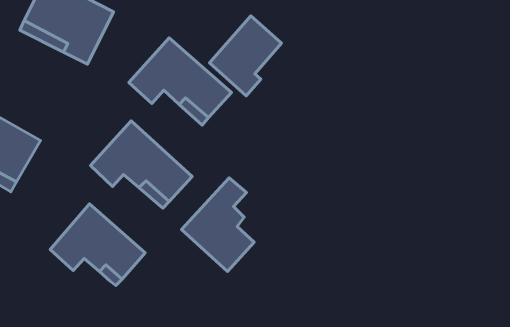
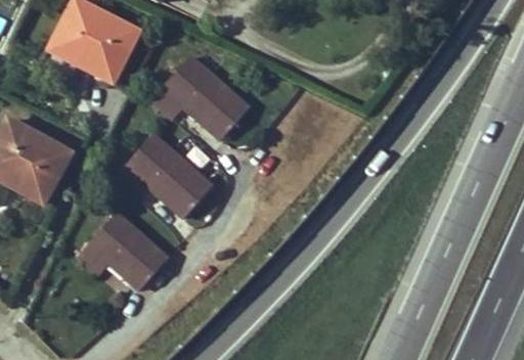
building: [210,16,281,96] -> none
building: [182,178,254,271] -> none

